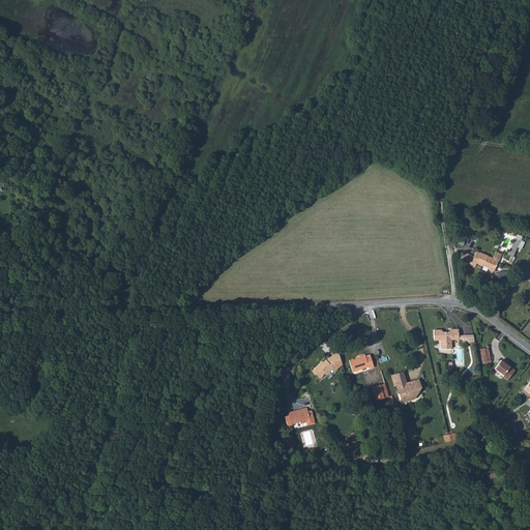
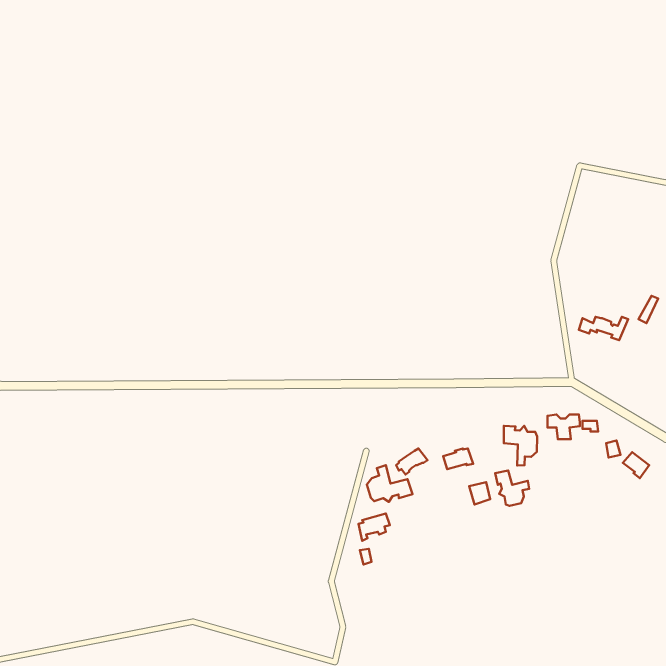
building: none -> [504,426,537,465]
building: none -> [367,465,412,502]

